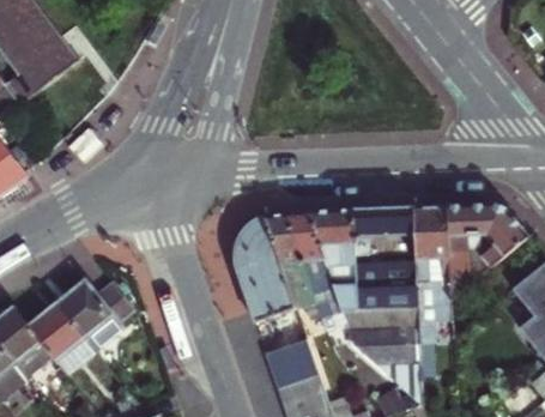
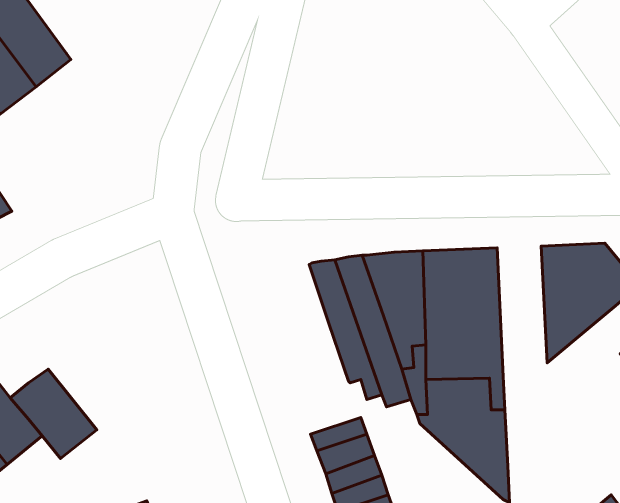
building: [411,204,452,377] -> none
building: [234,218,293,324] -> none
building: [56,278,133,349] -> none

